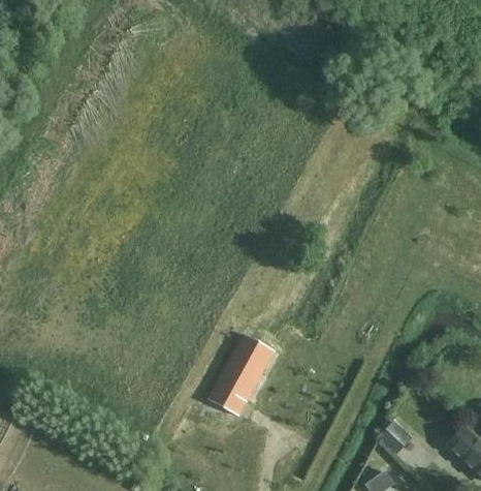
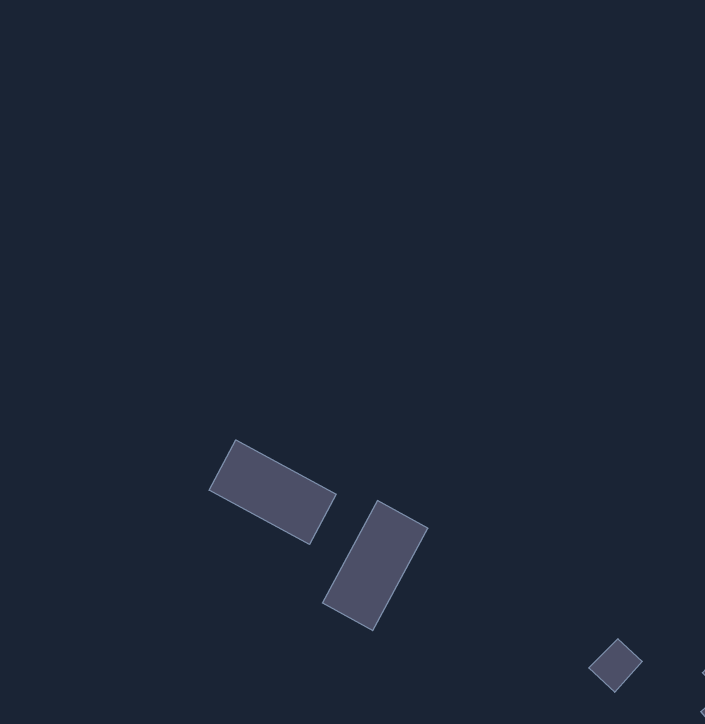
building: none -> [209,440,336,544]

